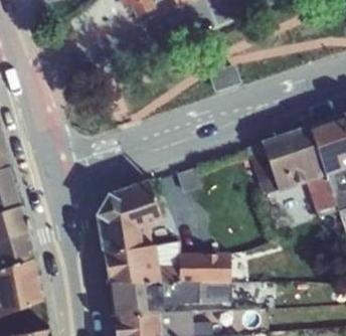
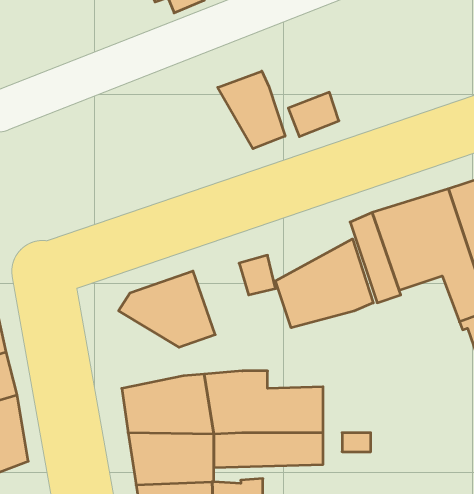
building: none -> [218,71,285,149]
building: none -> [275,239,373,328]
building: [96,204,142,254] -> none

